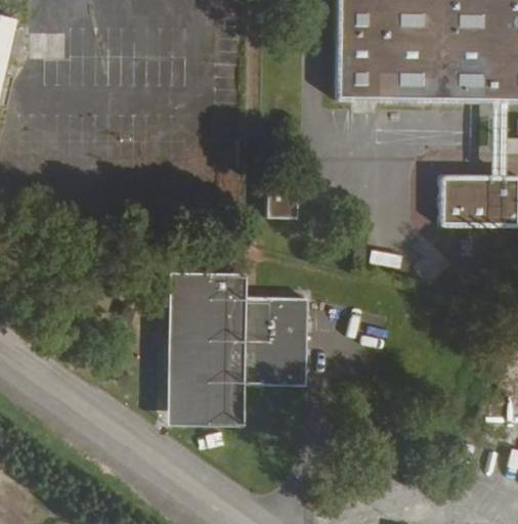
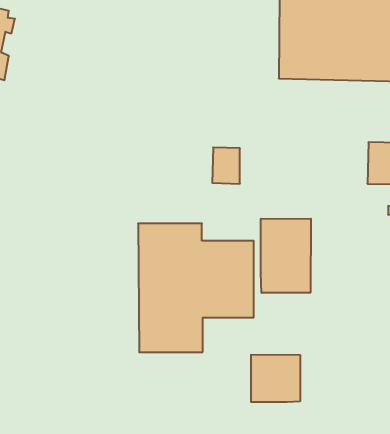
building: none -> [261,219,311,293]
building: none -> [251,355,300,402]

